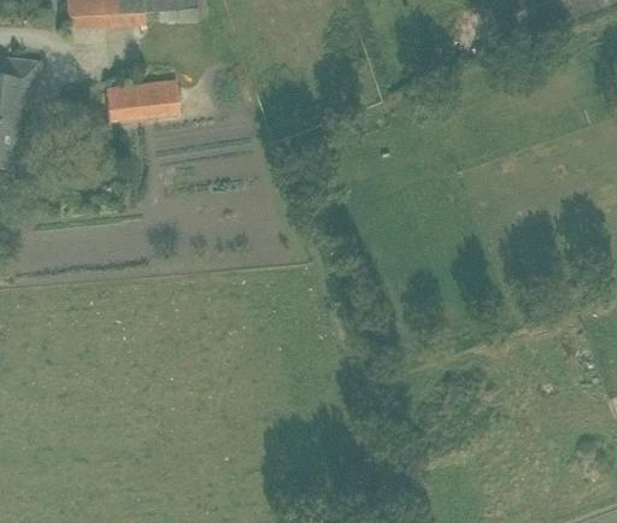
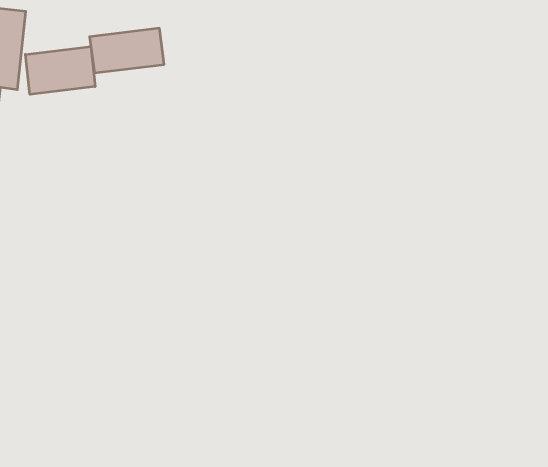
building: none -> [25,47,95,94]

